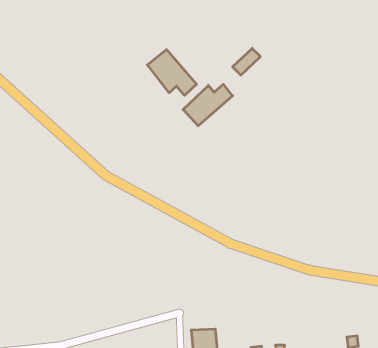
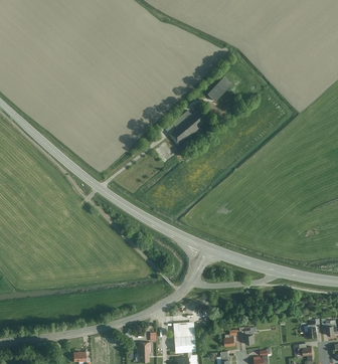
building: [147,50,197,95] -> none

